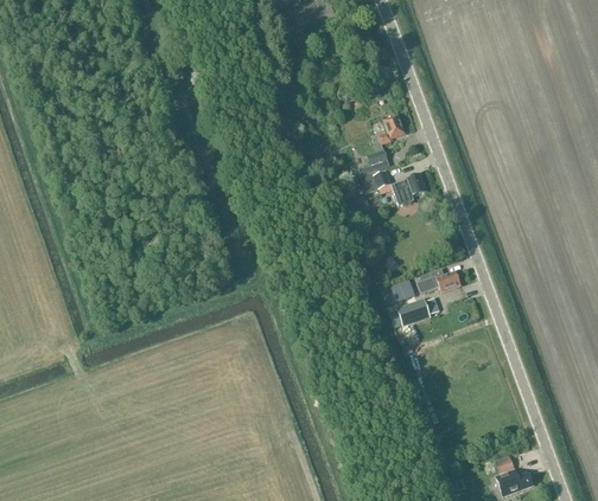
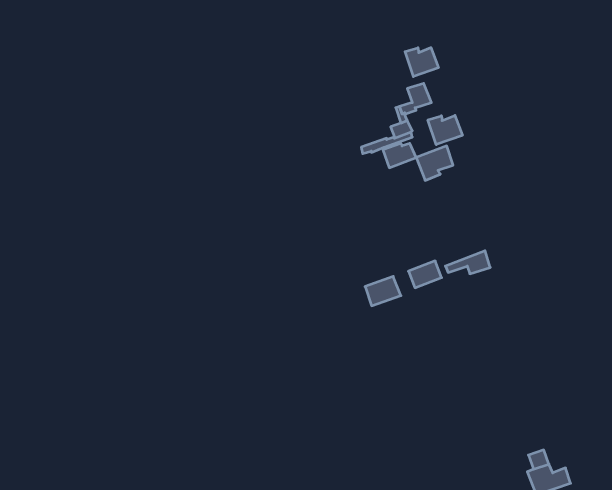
building: none -> [405,48,438,77]
building: none -> [428,115,462,145]
building: [396,298,430,326] -> [365,276,401,306]

